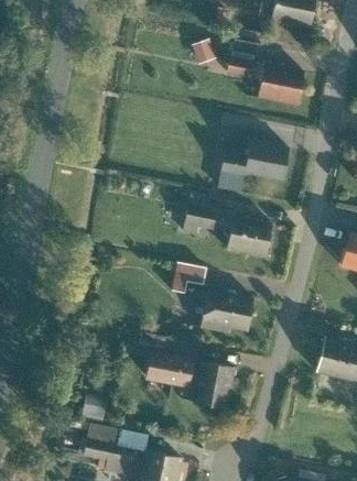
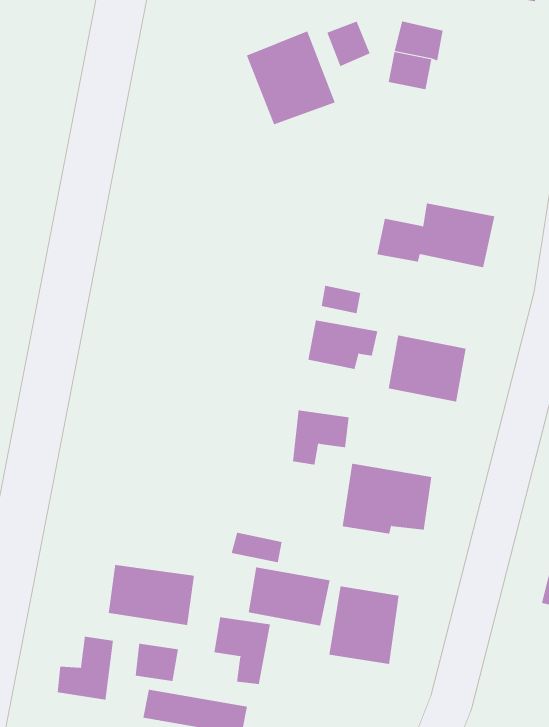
building: none -> [246,31,336,125]
building: [259,65,304,105] -> none
building: none -> [108,564,195,626]
building: none -> [214,617,271,685]
building: none -> [57,636,113,701]

